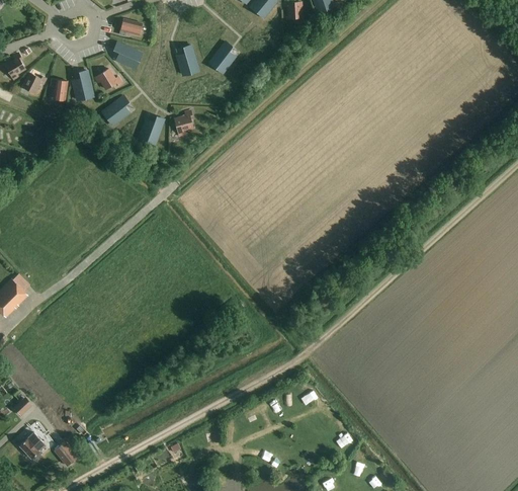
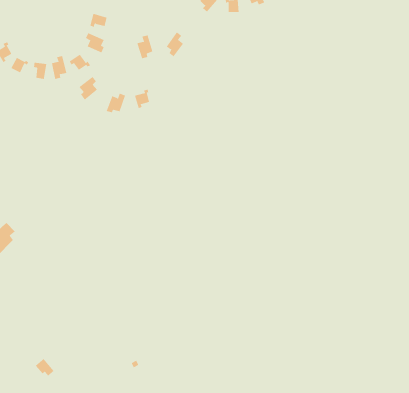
building: [20,433,47,461] -> none

